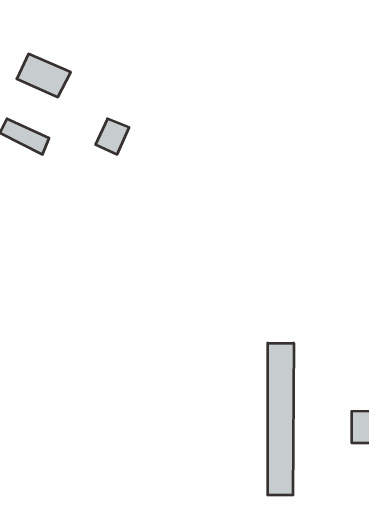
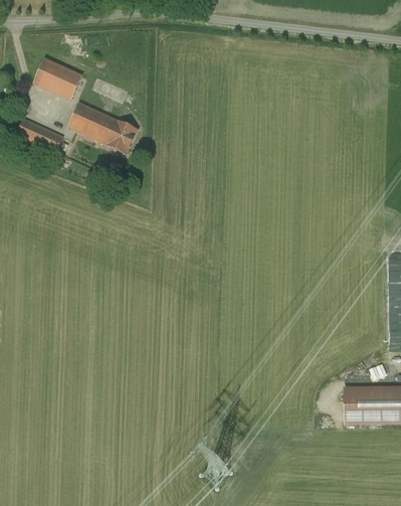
building: none -> [69,103,117,142]
building: [268,343,294,495] -> none

